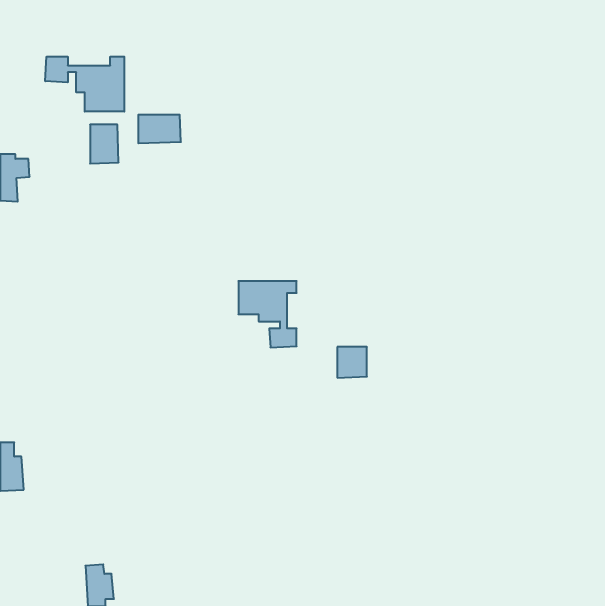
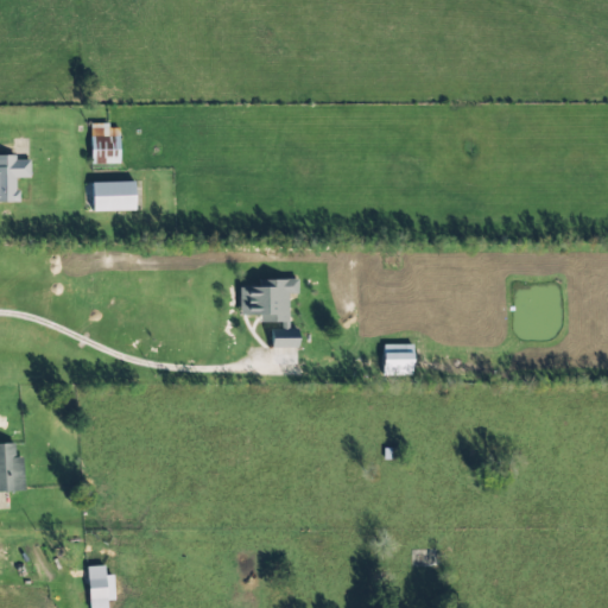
building: [45,57,124,112] -> none
building: [138,115,181,143] -> [93,182,135,210]
building: [337,347,367,378] -> [384,344,413,375]

